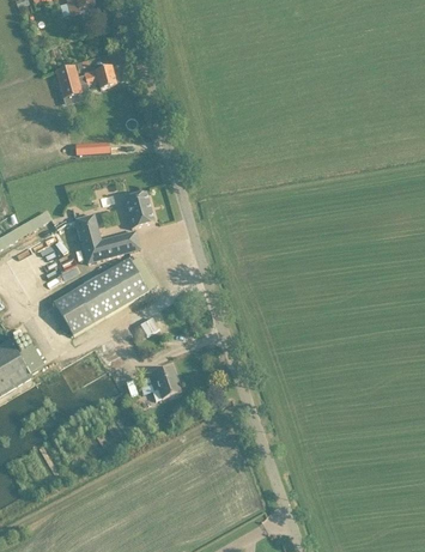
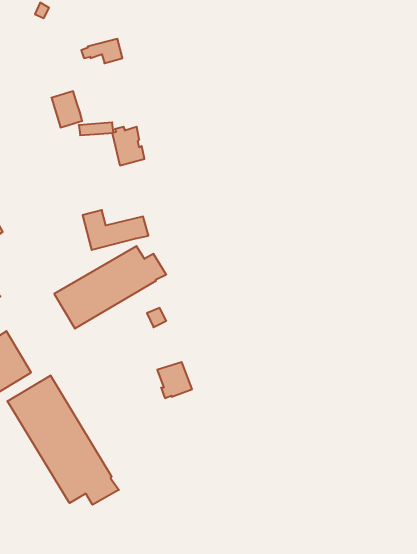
building: [54,63,83,97] -> [51,91,82,127]
building: [123,190,153,226] -> [112,127,144,165]
building: none -> [7,375,119,505]

